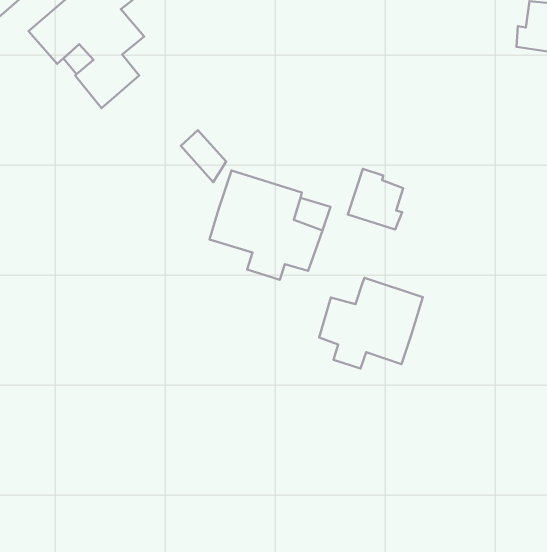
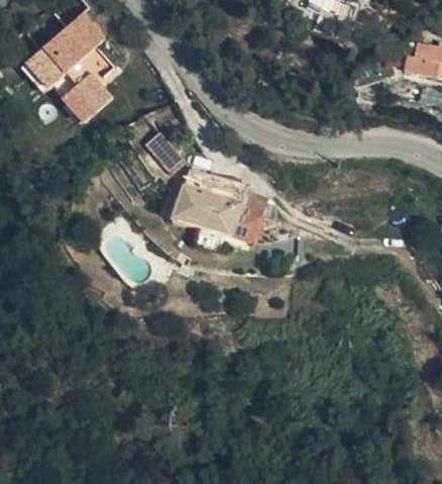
building: [348,169,403,229] -> none
building: [319,278,423,368] -> none

